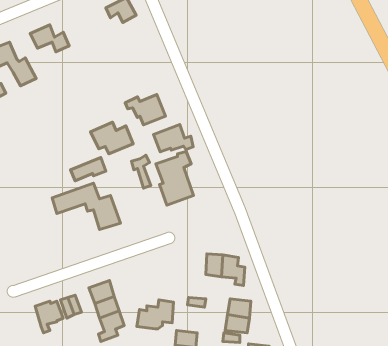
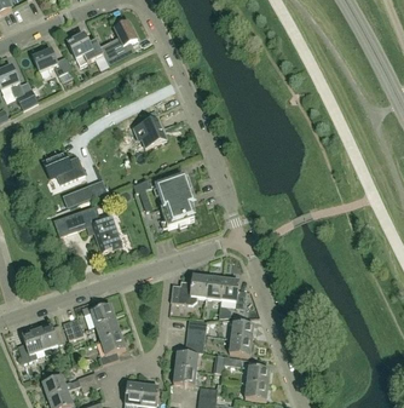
building: none -> [67,33,103,65]
building: [90,122,133,154] -> [42,150,85,182]
building: [153,124,193,152] -> none
building: [137,300,174,329] -> [171,272,207,301]
building: none -> [17,327,42,361]

